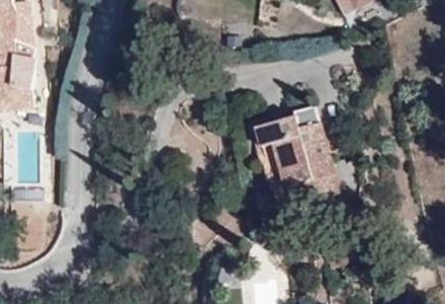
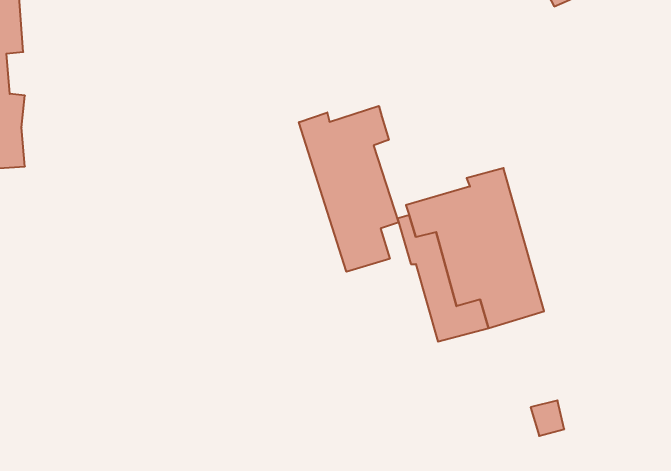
building: none -> [299,106,399,272]

